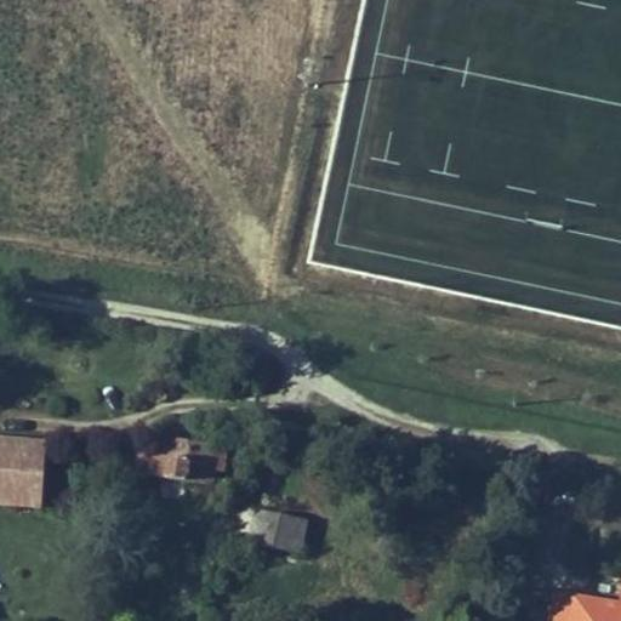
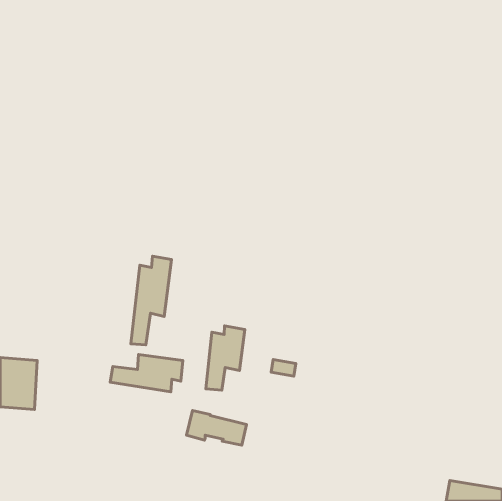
building: none -> [131,256,172,345]
building: none -> [206,326,245,390]

